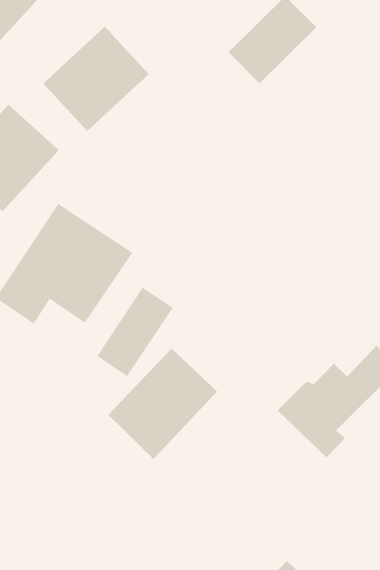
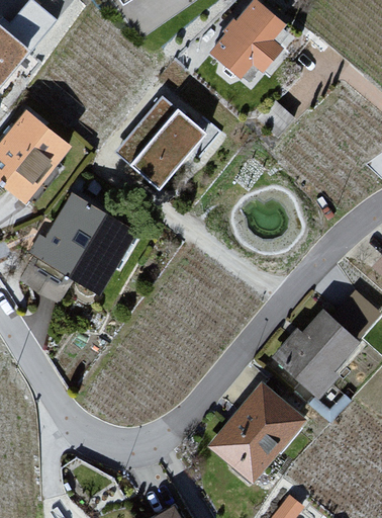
building: [43,26,150,132] -> [116,97,207,189]
building: [96,287,173,377] -> none
building: [107,348,218,460] -> [210,381,303,479]

